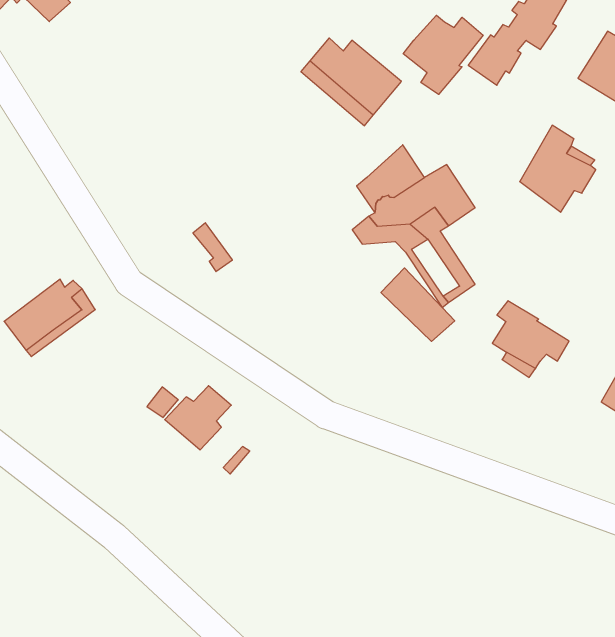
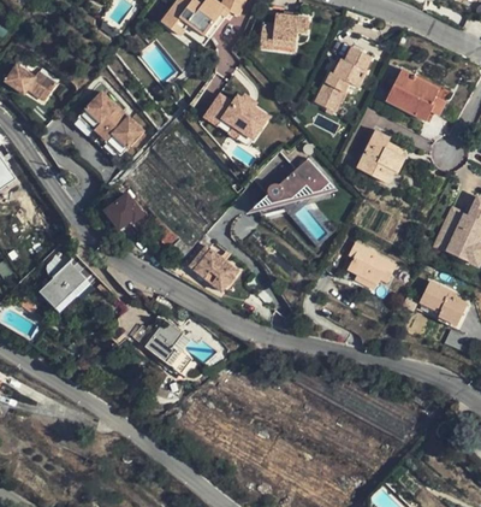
building: [403,15,483,94] -> none
building: none -> [77,89,146,159]
building: none -> [107,191,144,225]
building: [381,268,455,341] -> [188,246,236,290]

